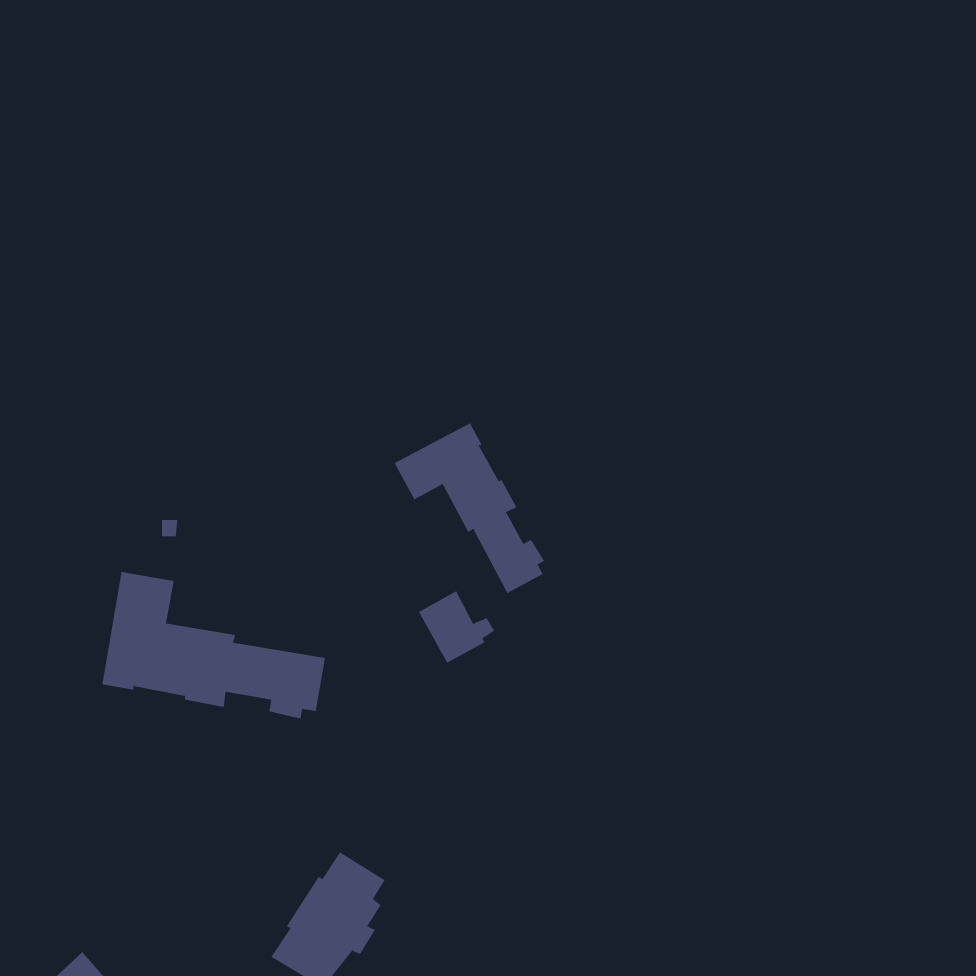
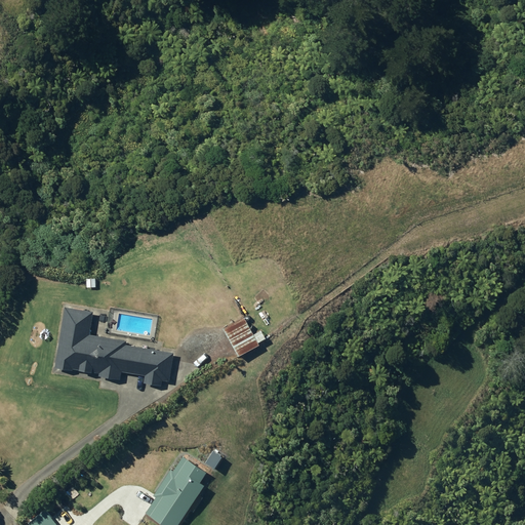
building: [394,422,545,594] -> none

